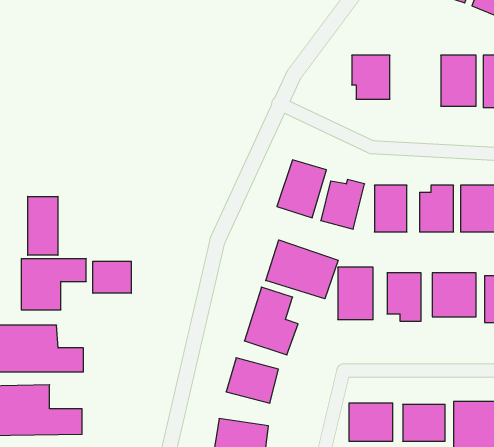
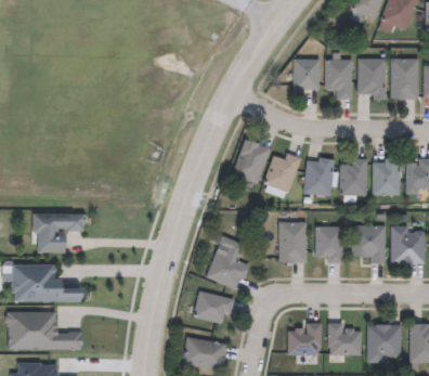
building: none -> [325,60,351,99]
building: [28,196,58,255] -> none
building: [266,240,338,299] -> none
building: [93,261,131,293] -> none

